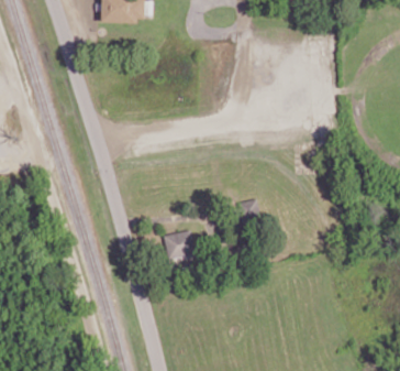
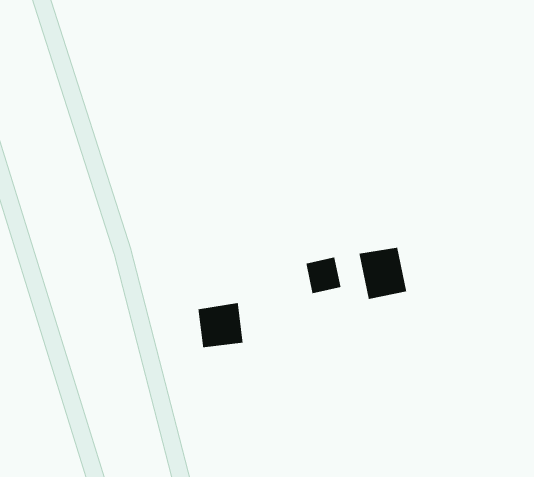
building: none -> [358,247,407,300]

